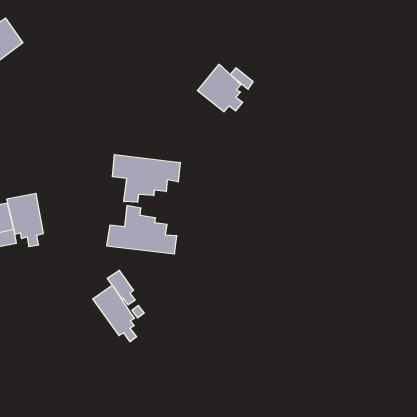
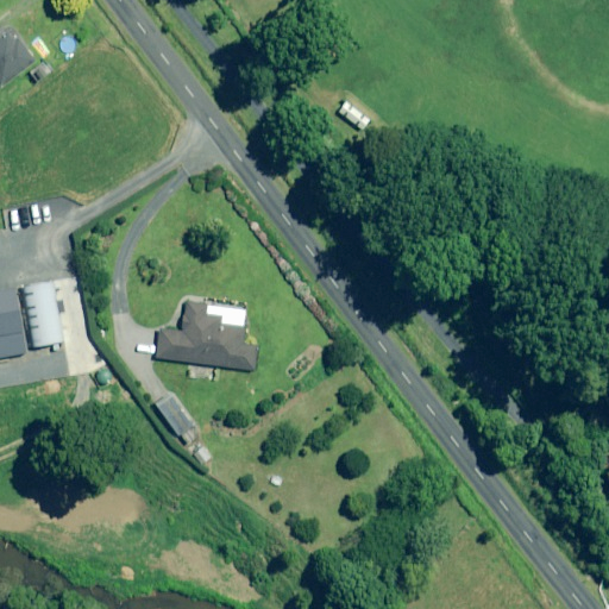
building: [197,64,243,112] -> none
building: [112,154,180,202] -> none
building: [93,285,137,342] -> none

